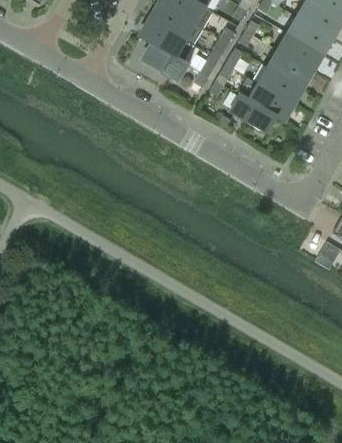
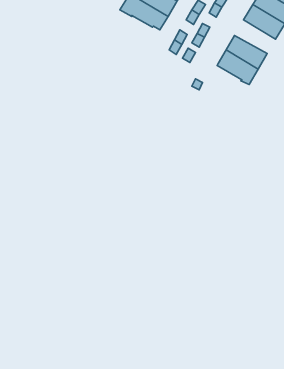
building: [144,43,191,81] -> none
building: [267,48,312,85] -> none
building: [230,91,275,131] -> none

